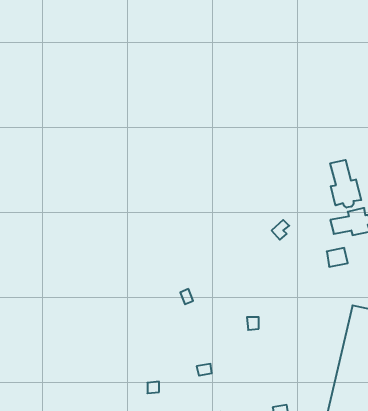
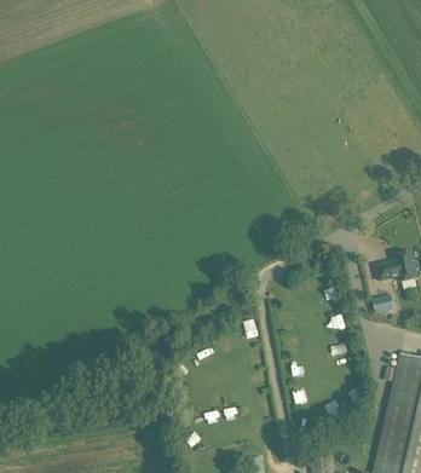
building: [330,160,361,208] -> none

